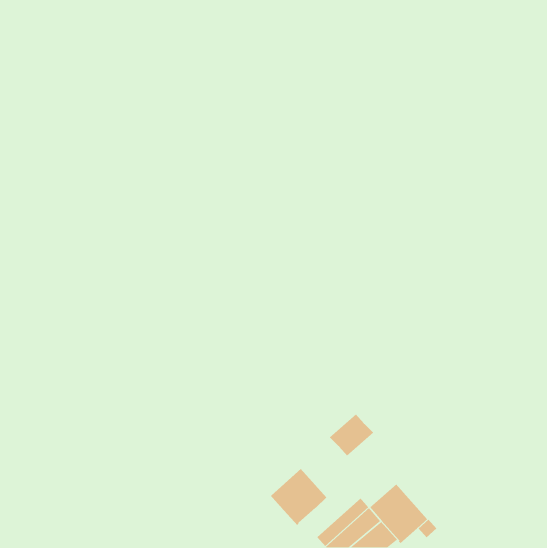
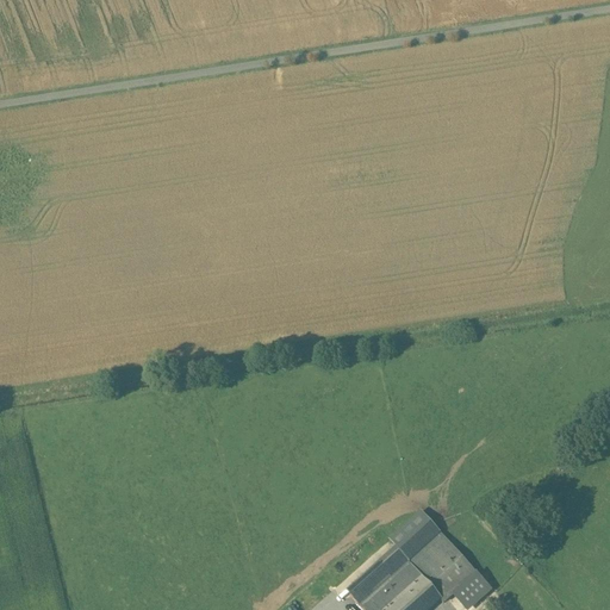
building: [329,413,374,456] -> [392,513,442,561]
building: [270,468,327,526] -> none

